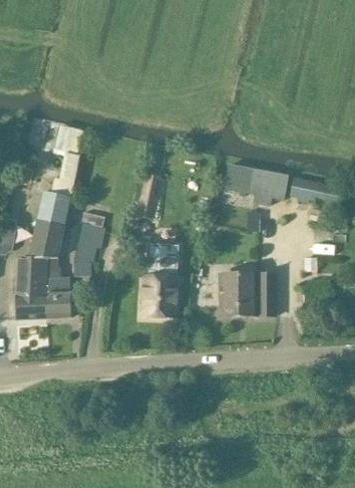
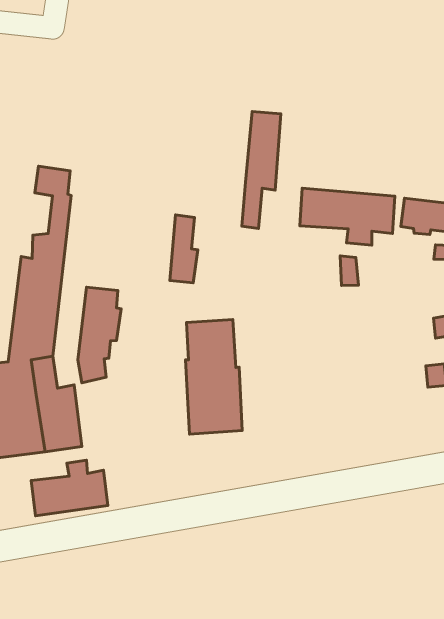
building: none -> [242,111,281,228]
building: [220,273,277,314] -> none
building: none -> [31,460,108,516]

